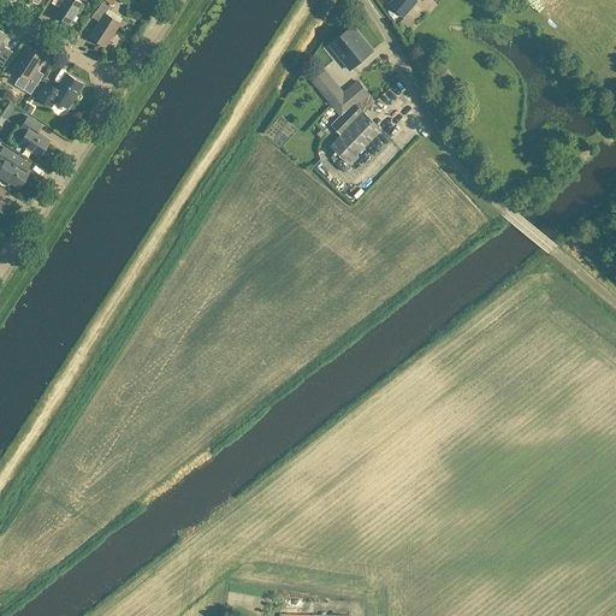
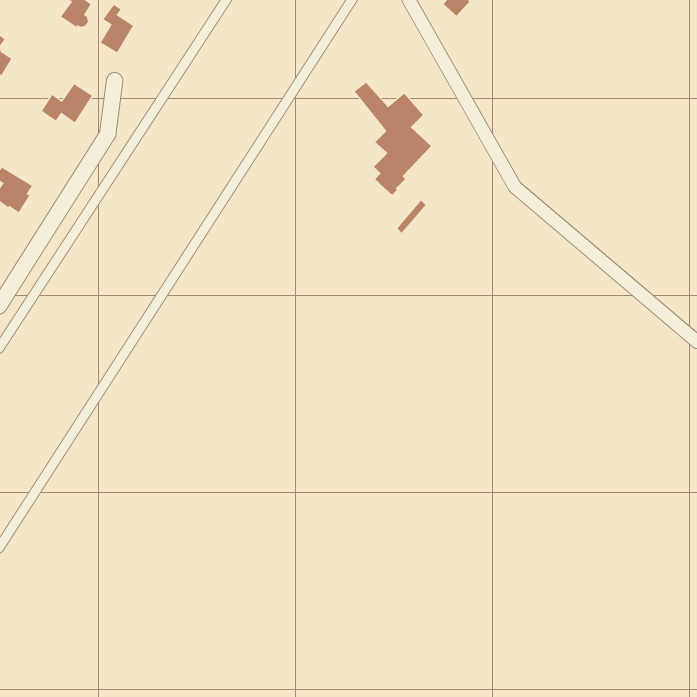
building: [327,26,371,70] -> none
building: [11,48,42,95] -> none
building: [11,117,48,155] -> none

